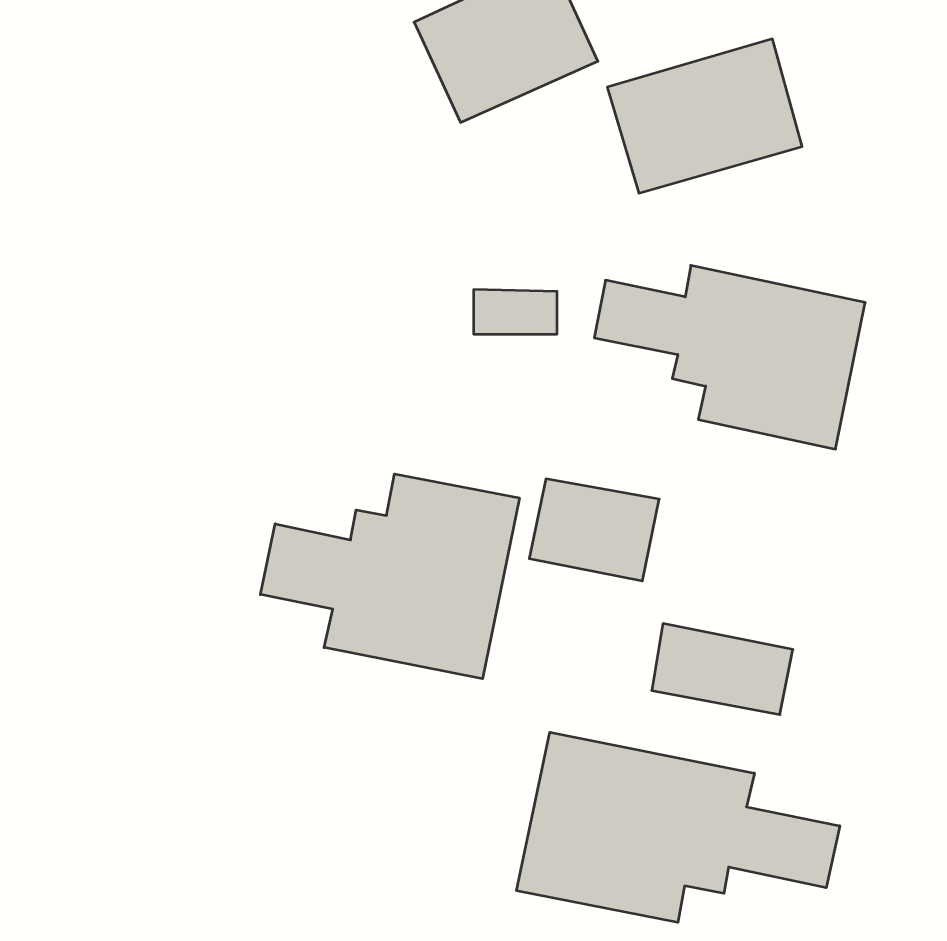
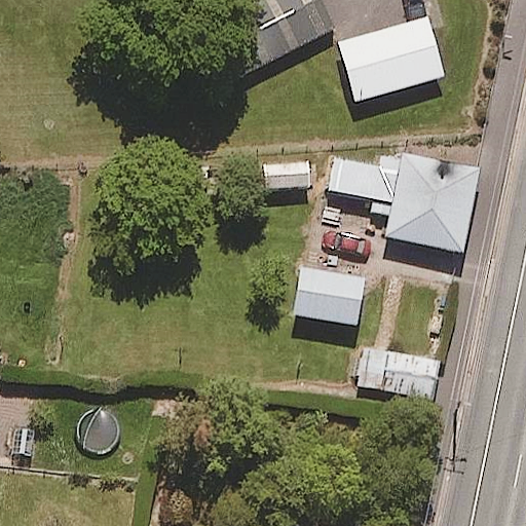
building: [260,474,519,679] -> none
building: [517,732,840,922] -> none

